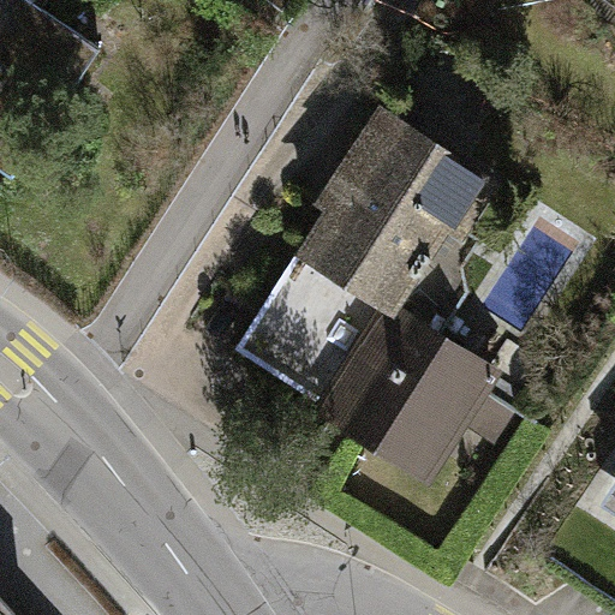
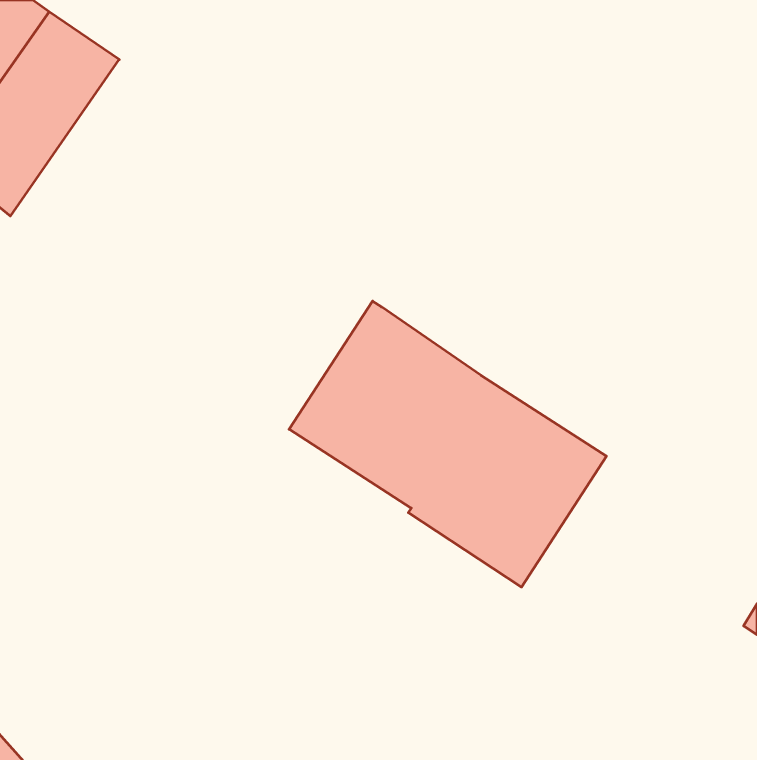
building: [308,115,489,304] -> none

